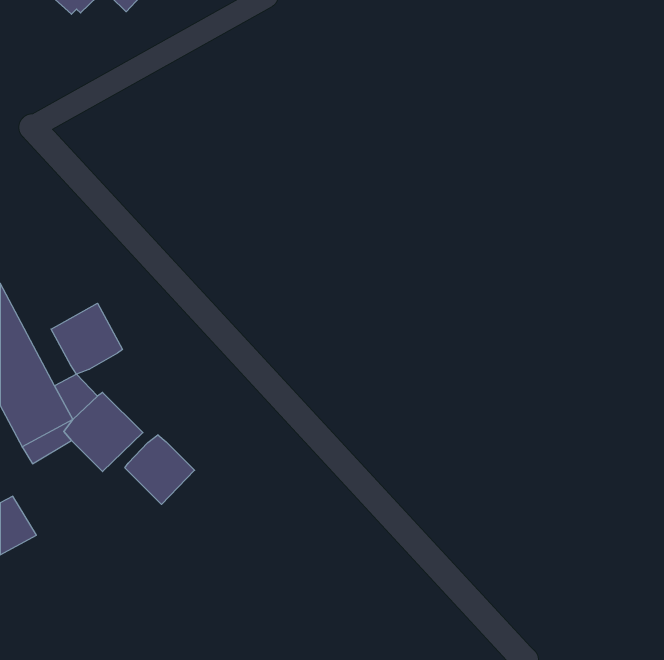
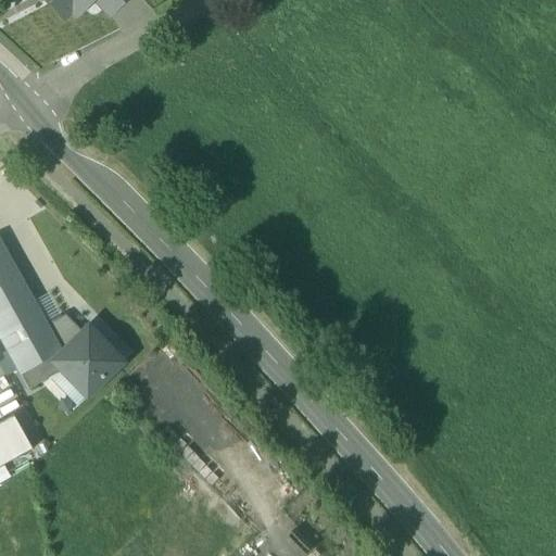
building: [51,303,122,374] -> none
building: [125,435,195,504] -> none

